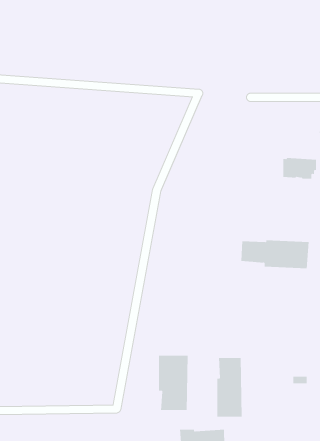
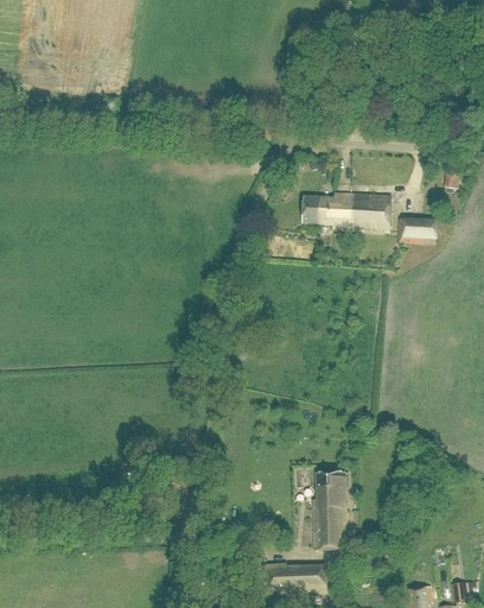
building: [241,240,309,269] -> [302,194,390,230]
building: [159,355,188,411] -> none

